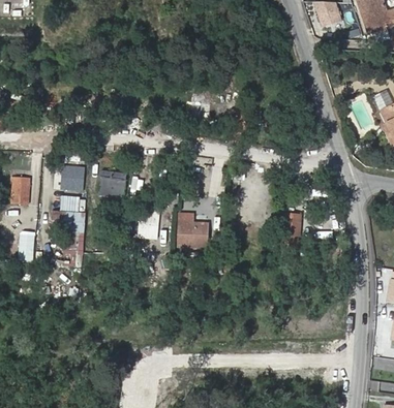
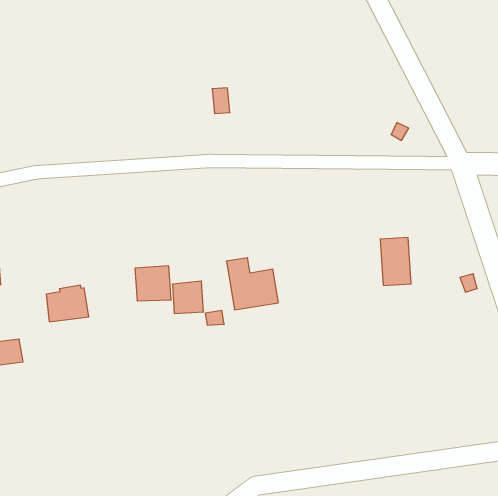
building: [61,164,85,192] -> none
building: [99,170,124,195] -> [135,266,171,301]

